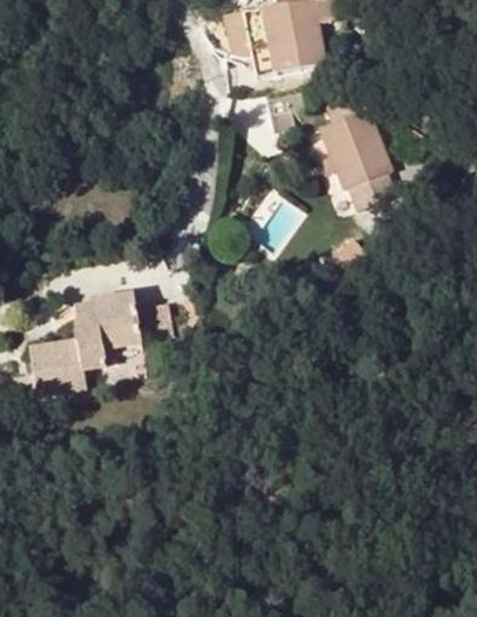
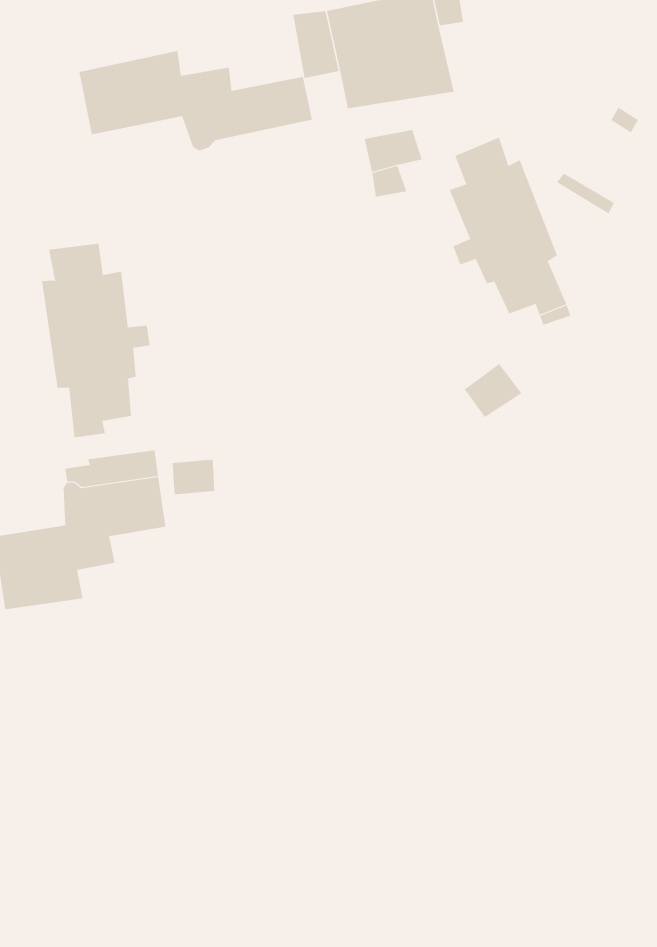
building: none -> [79,50,312,151]
building: none -> [42,243,150,438]

